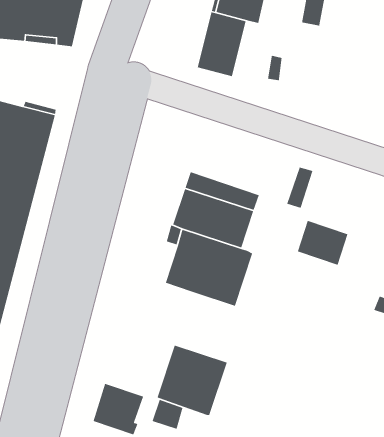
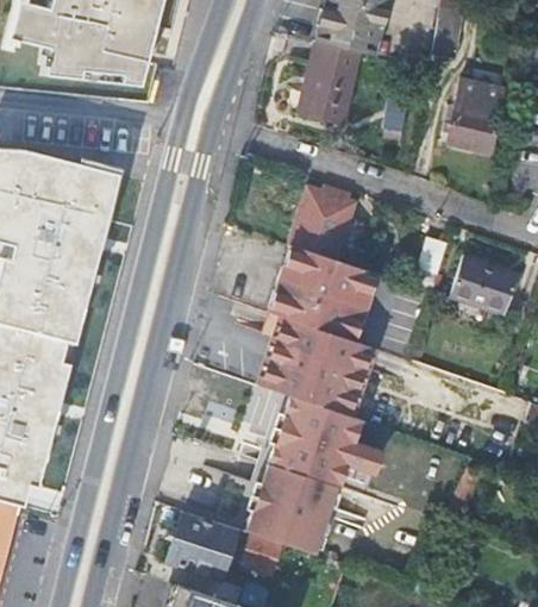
building: none -> [446,81,503,152]
building: none -> [294,186,354,248]
building: [297,220,349,266] -> [449,256,514,314]
building: none -> [270,398,381,486]

